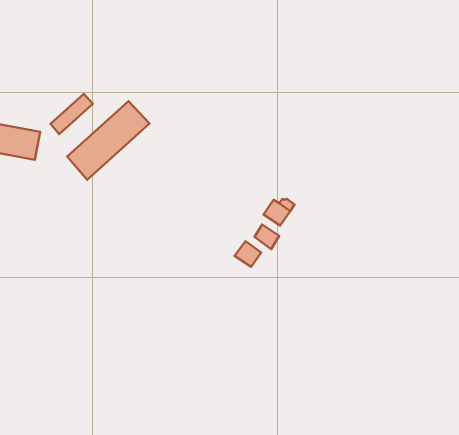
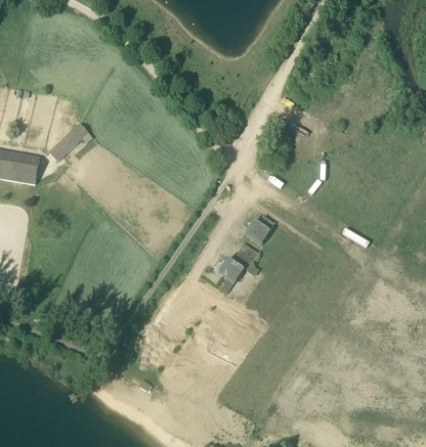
building: [67,101,150,180] -> none

